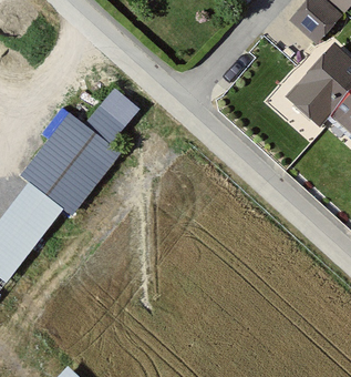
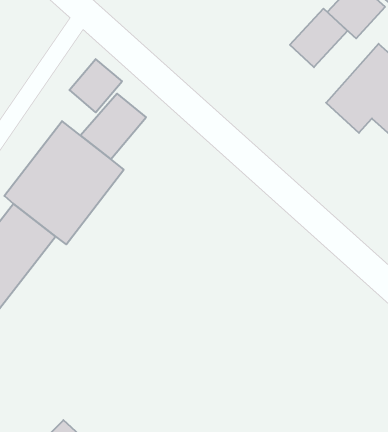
building: none -> [290,9,347,67]
building: none -> [69,59,122,112]

